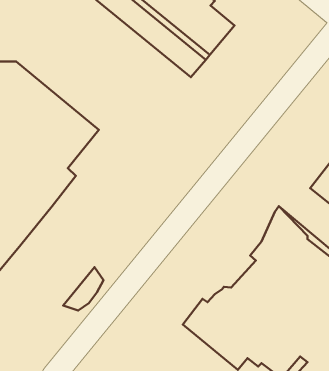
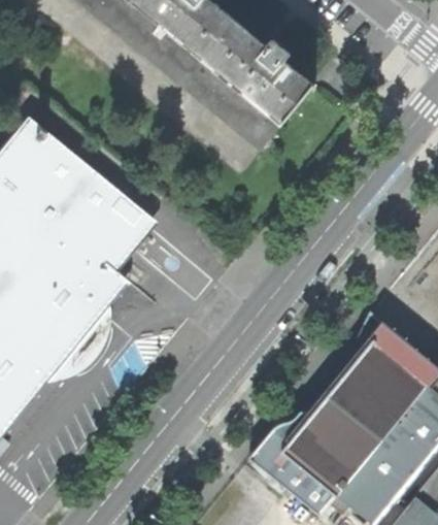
building: [63,267,103,311] -> [48,311,99,366]

